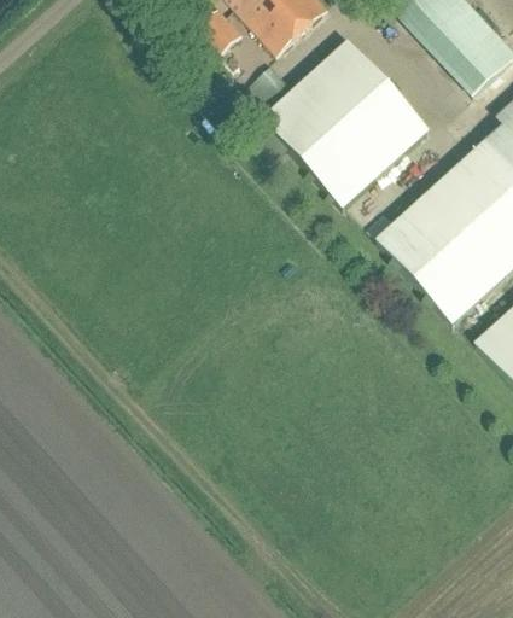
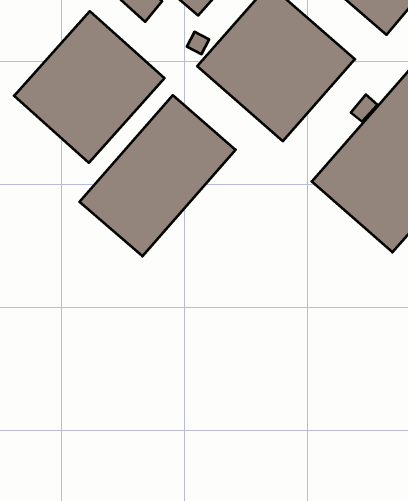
building: none -> [14,11,164,163]
building: none -> [80,95,236,256]

